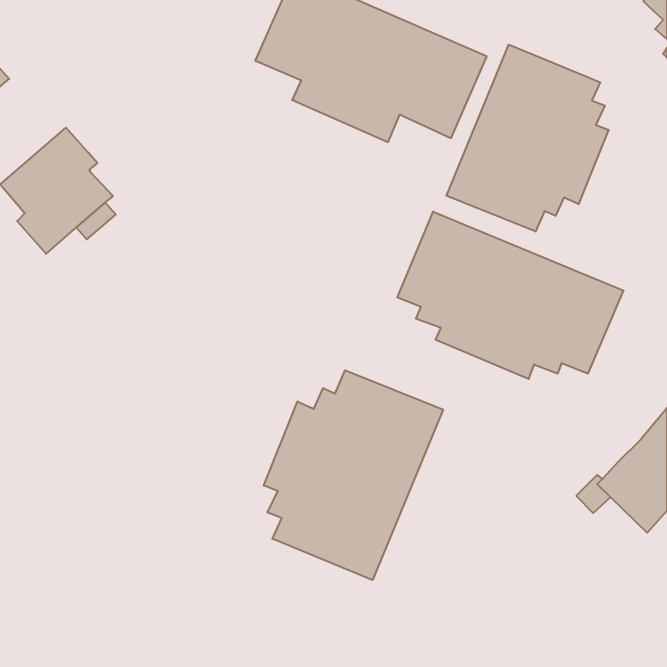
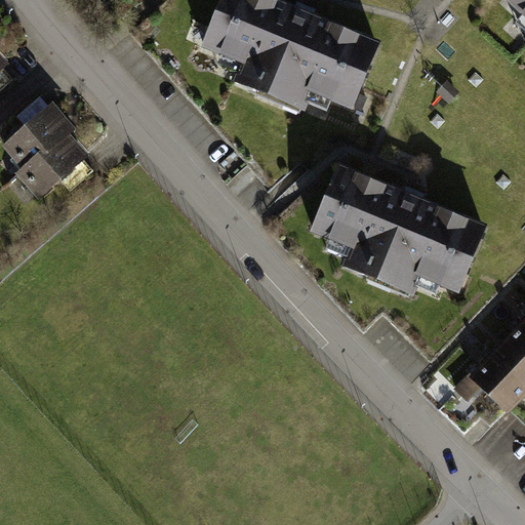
building: [446,45,609,232] -> none
building: [264,370,443,580] -> none

